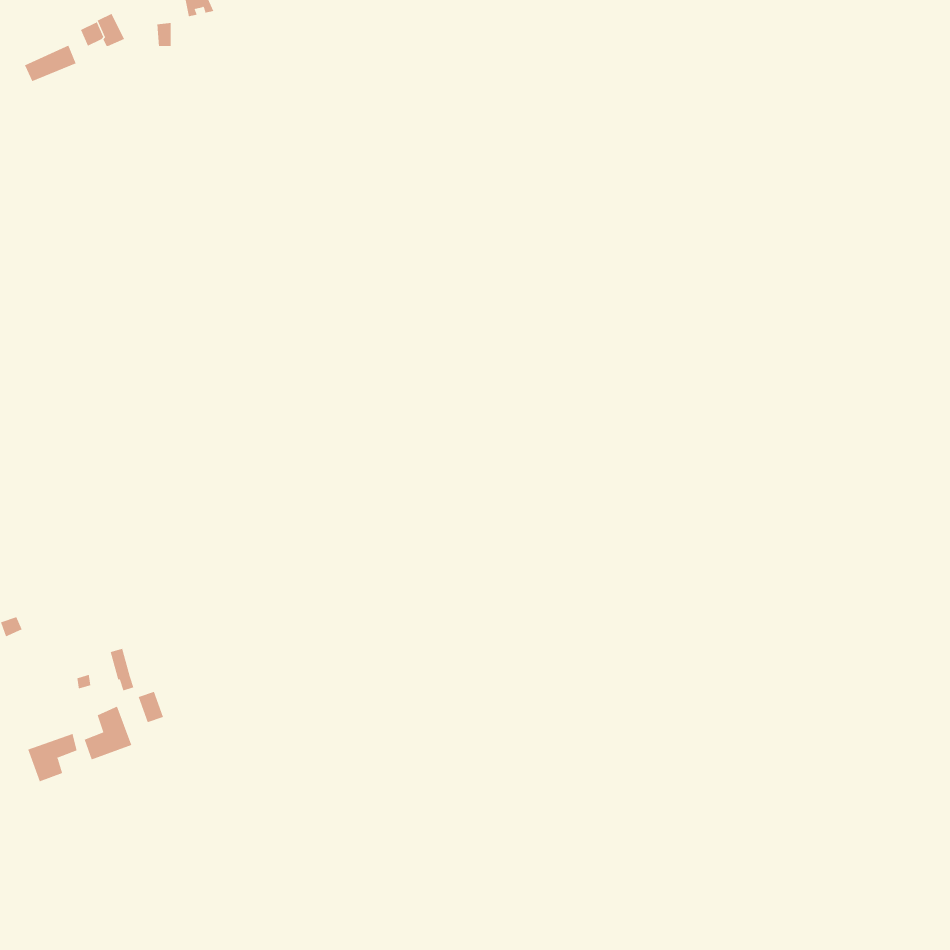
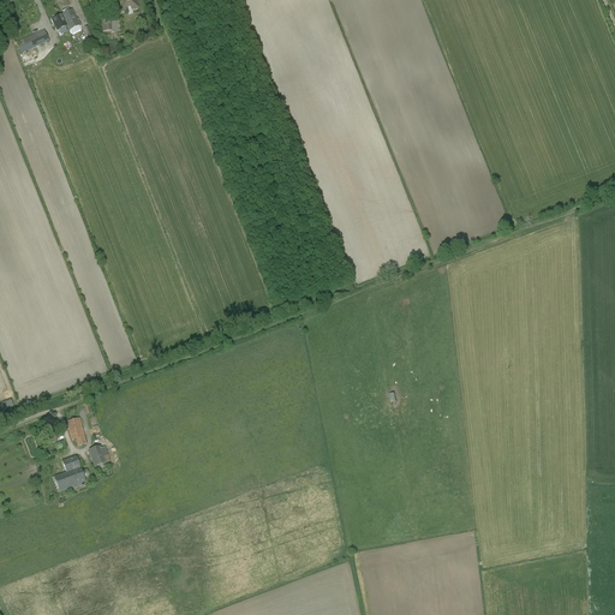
building: [27,733,77,782] -> none

